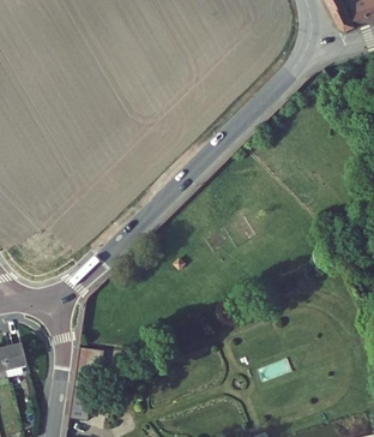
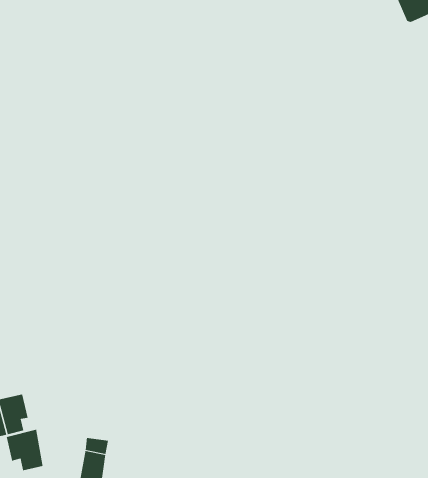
building: none -> [6,429,43,471]

